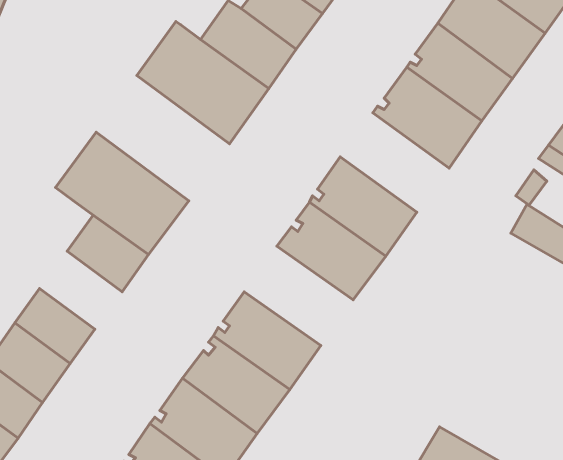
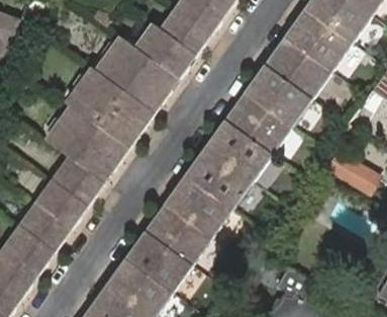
building: none -> [67,68,155,148]
building: none -> [223,93,291,155]
building: none -> [164,176,231,238]
building: none -> [36,179,88,228]

